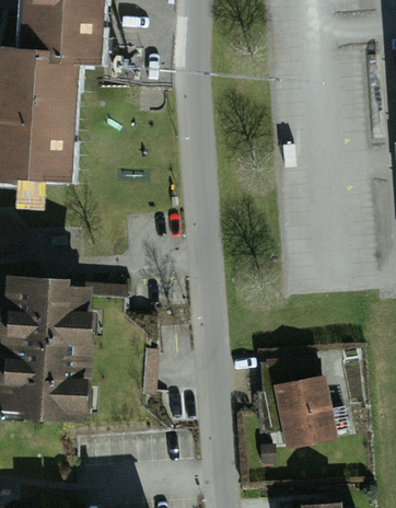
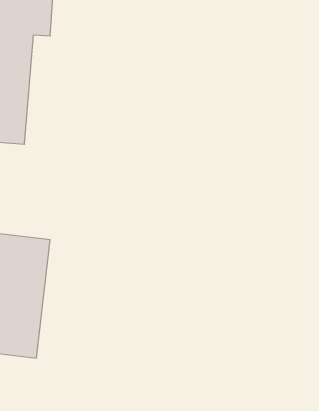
building: [273,376,338,447] -> none

